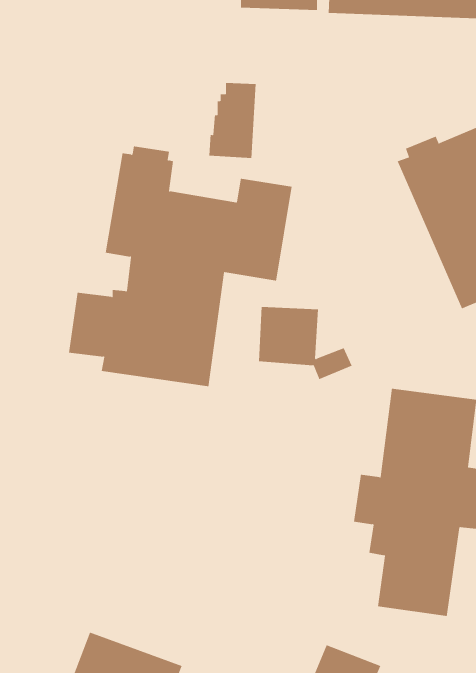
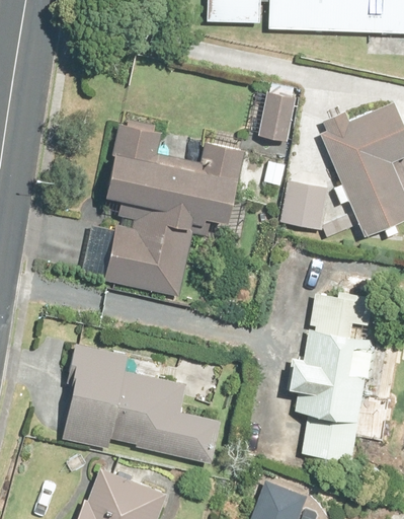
building: [208,82,256,159] -> [258,85,293,140]
building: [258,307,353,380] -> [282,184,350,237]
building: none -> [61,343,221,462]

